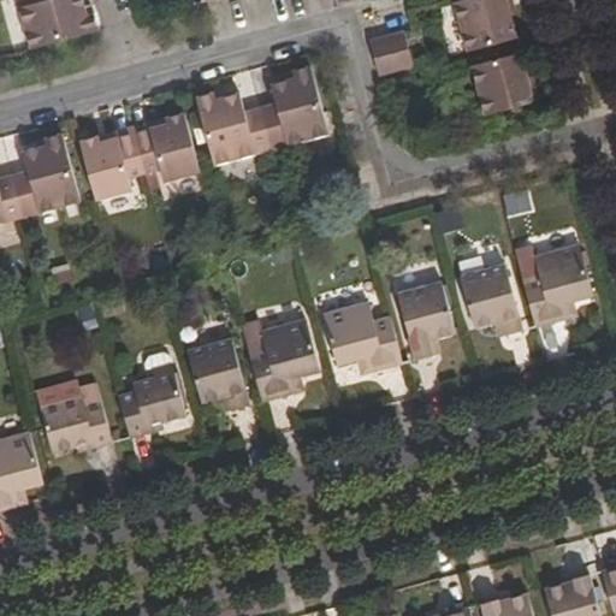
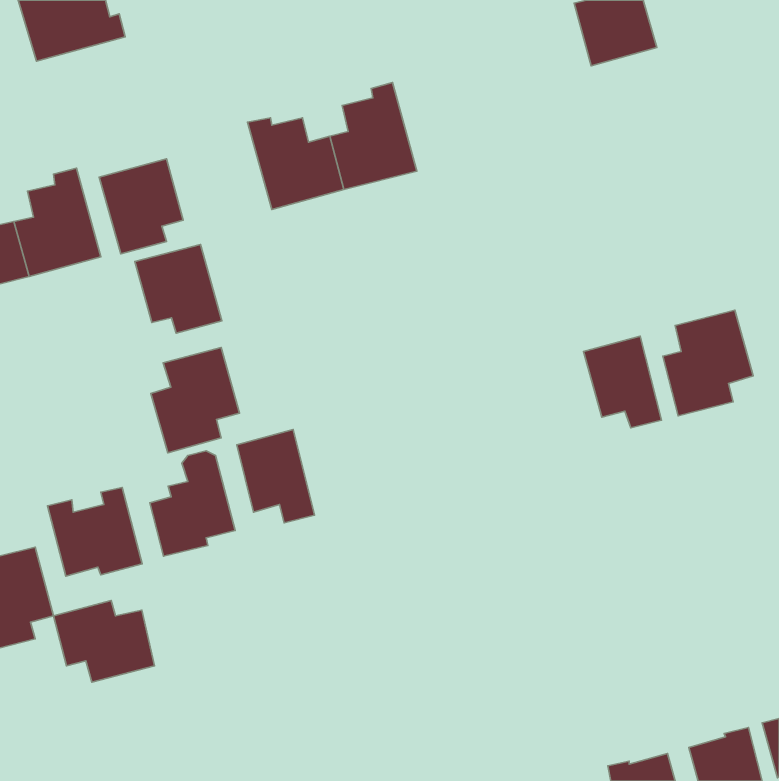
building: [368,30,413,76] -> none
building: [470,52,534,116] -> none
building: [131,112,200,182] -> [135,245,222,333]
building: [397,283,455,360] -> none
building: [322,302,402,375] -> none
building: [249,319,319,402] -> [151,348,239,453]
building: none -> [53,601,155,682]

